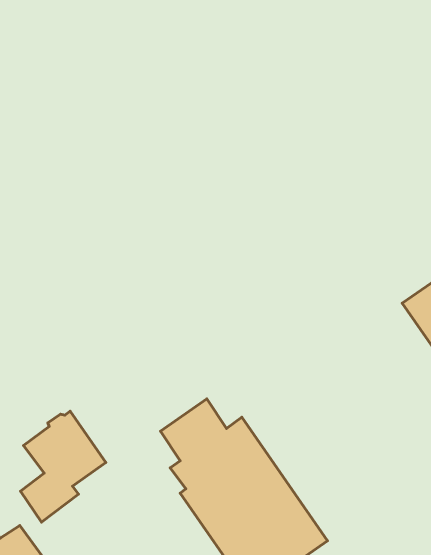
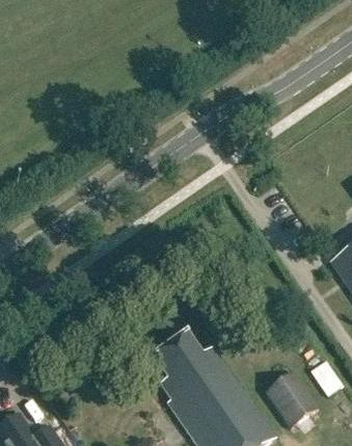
building: [21,411,106,522] -> none
building: none -> [266,373,319,428]

